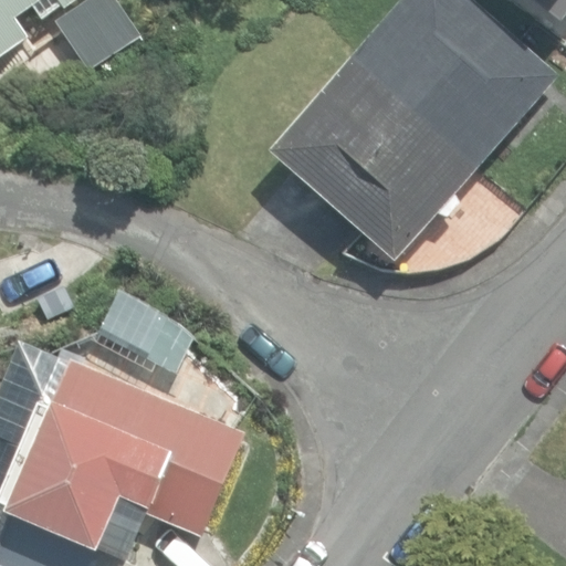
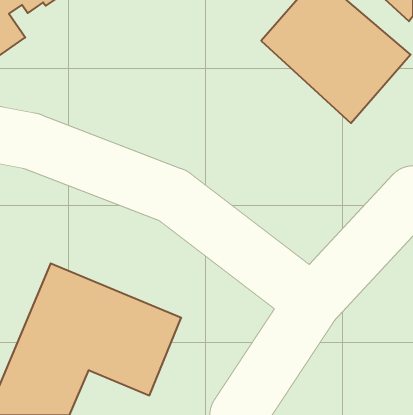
building: [271,55,475,260] -> none

